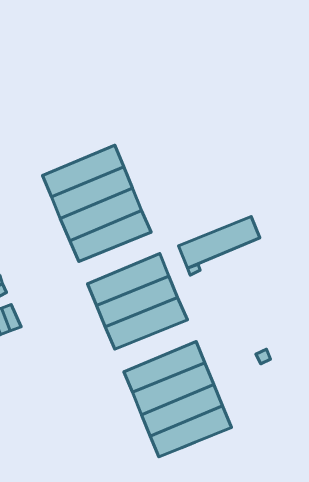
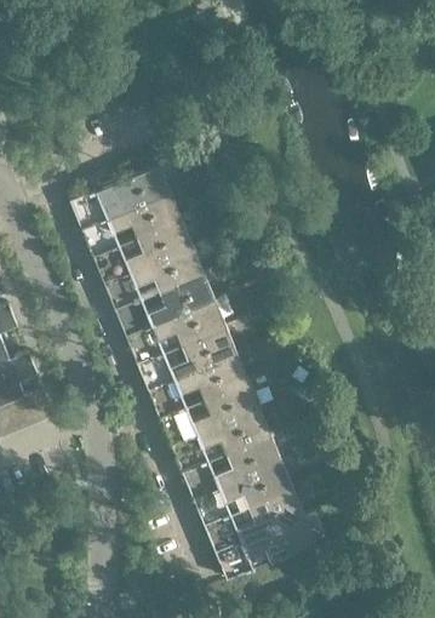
building: none -> [68,162,170,229]
building: [179,216,260,268] -> [125,299,225,364]
building: none -> [170,408,270,473]

